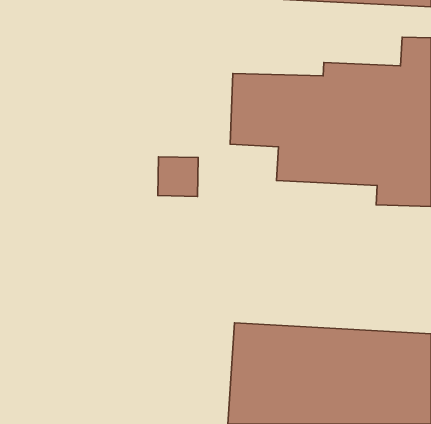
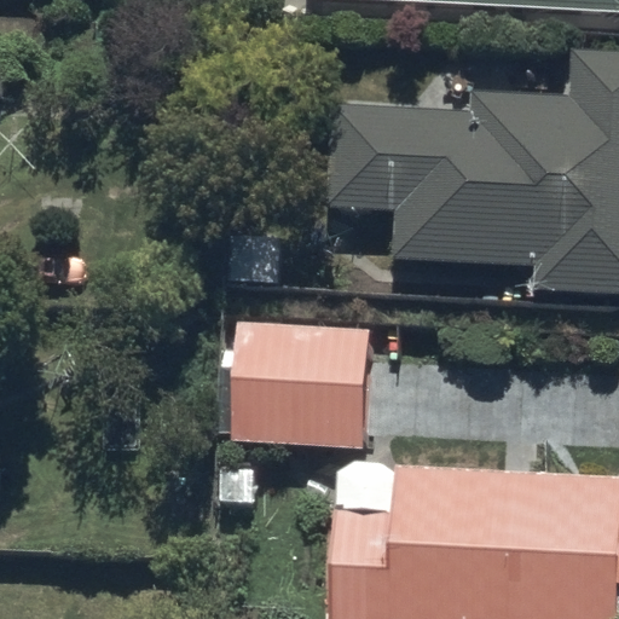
building: none -> [222,318,374,449]

